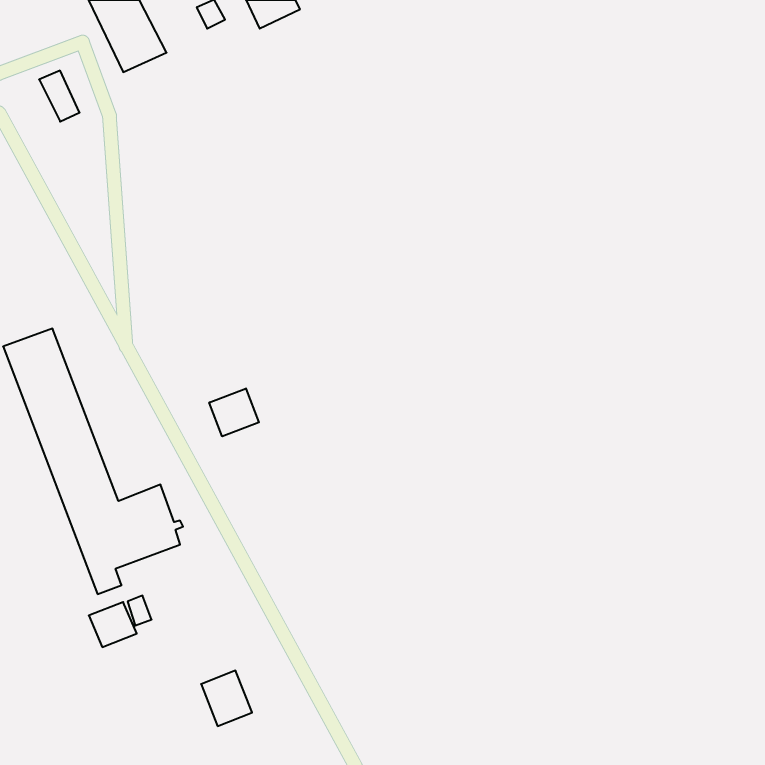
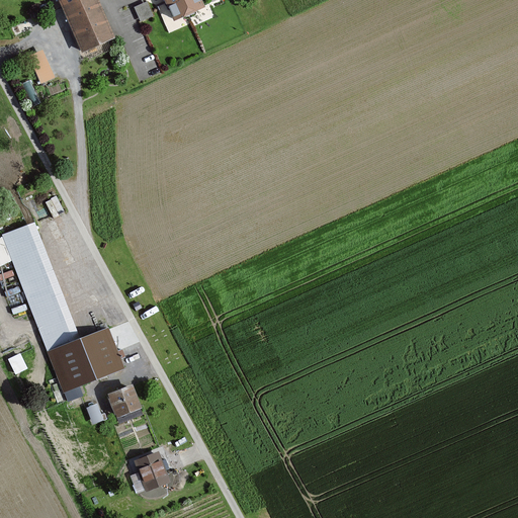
building: [209,388,259,436] -> none
building: [89,602,137,647] -> [110,385,143,416]

